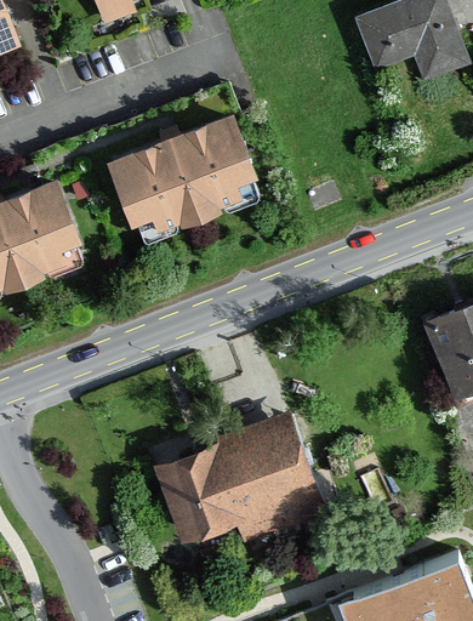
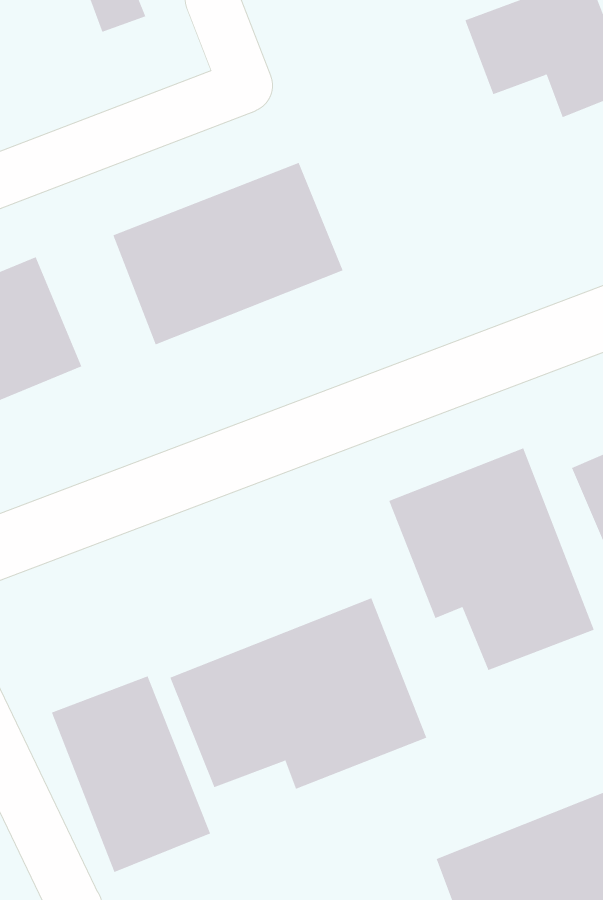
building: none -> [389,448,595,671]
building: none -> [51,675,211,873]

